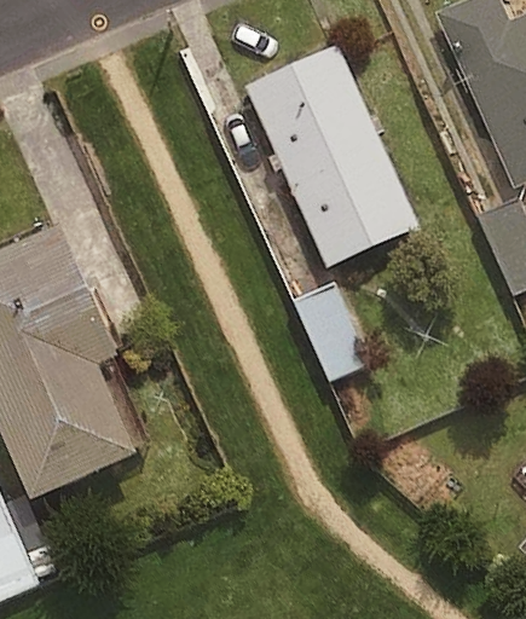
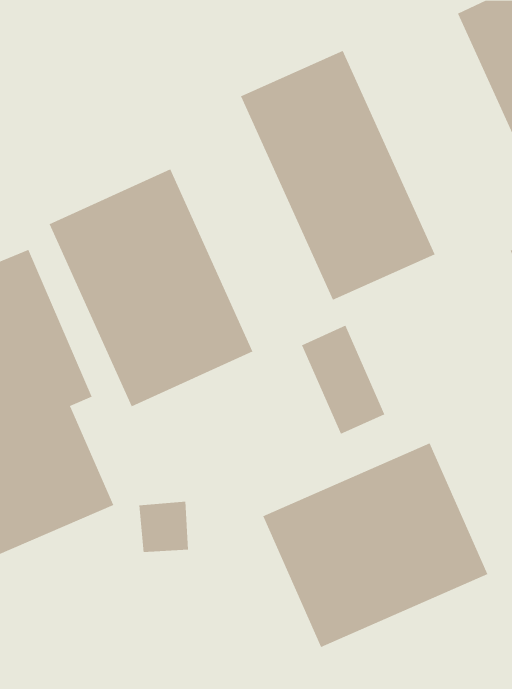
building: none -> [49,169,253,407]
building: none -> [263,442,488,648]

